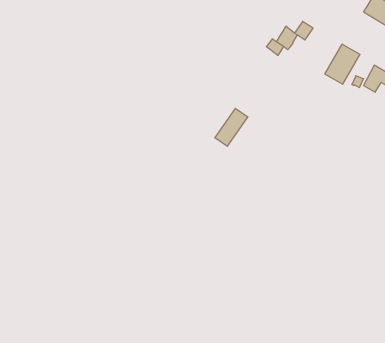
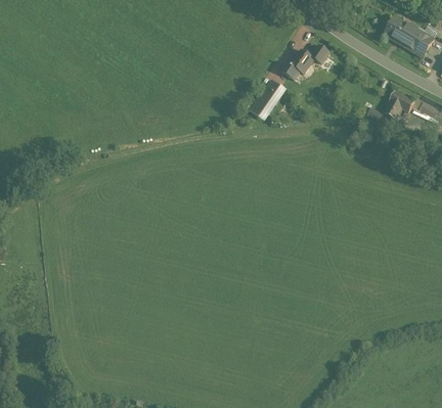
building: [325,44,360,84] -> none
building: [215,108,248,146] -> [251,80,285,120]

